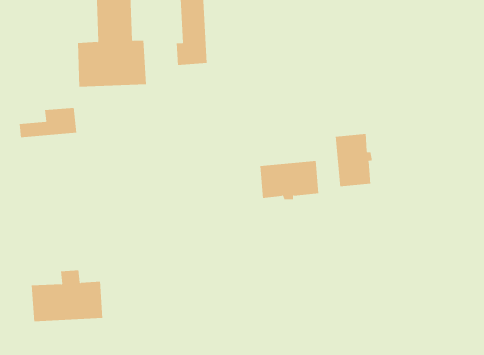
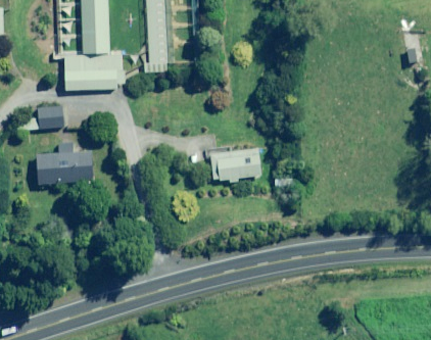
building: [335,133,373,187] -> none
building: [31,270,103,322] -> [35,142,93,184]

